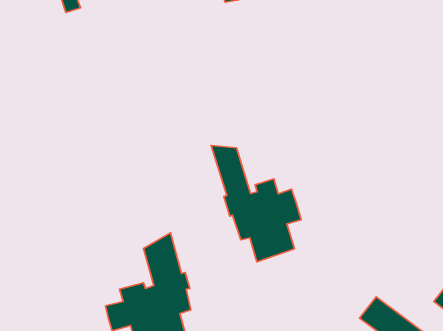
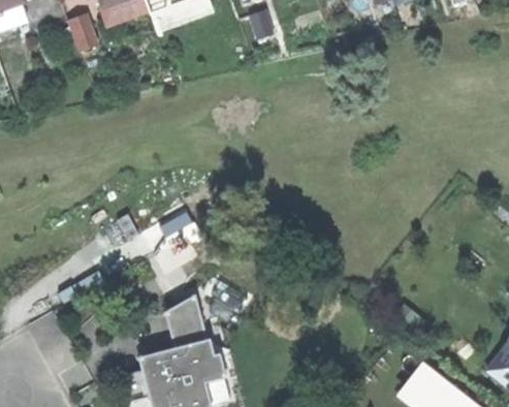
building: [211,145,301,262] -> none

